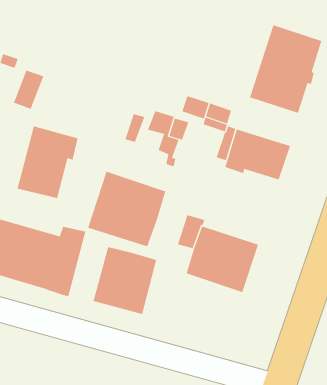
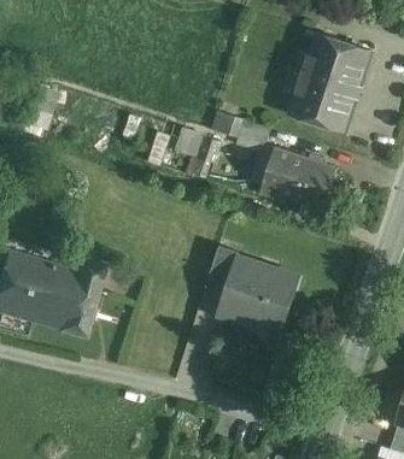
building: [17,126,78,199] -> none
building: [87,171,166,247] -> none
building: [93,246,157,315] -> none

